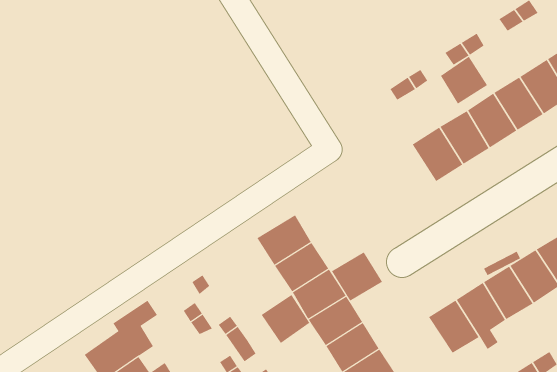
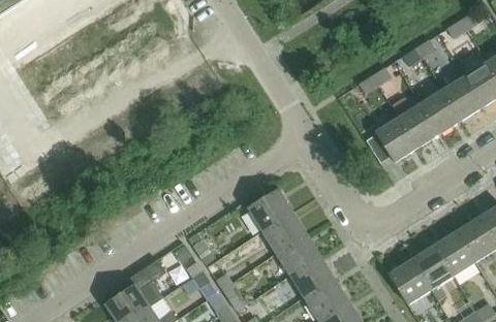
building: [440,56,488,104] -> none
building: [331,251,383,302] -> none
building: [261,294,310,344] -> none

